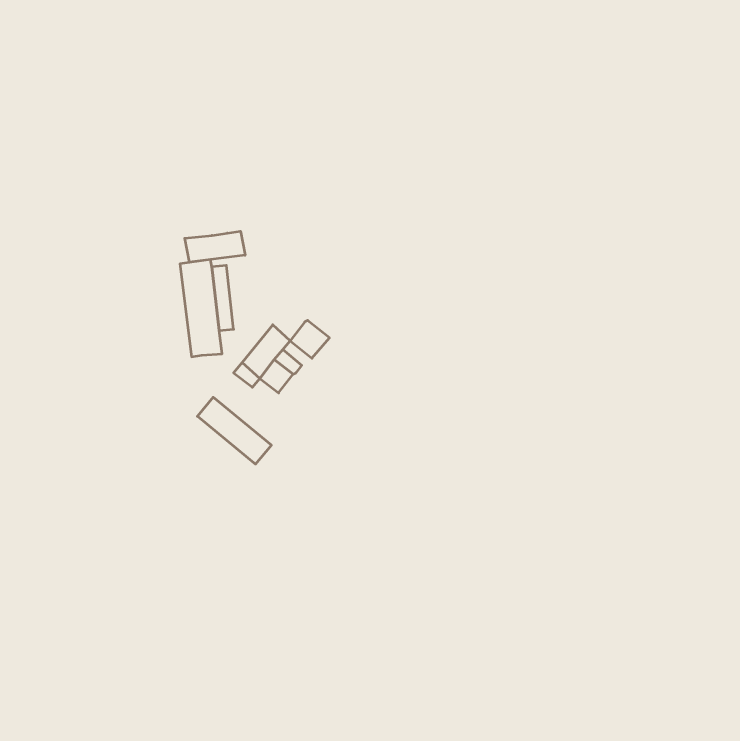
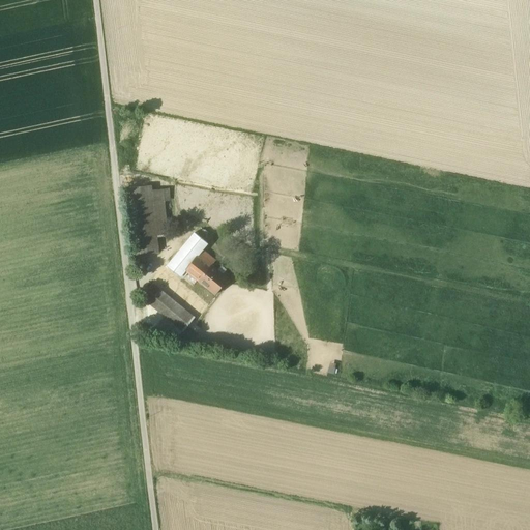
building: [185,231,245,262] -> none
building: [290,320,329,358] -> [200,266,228,293]

